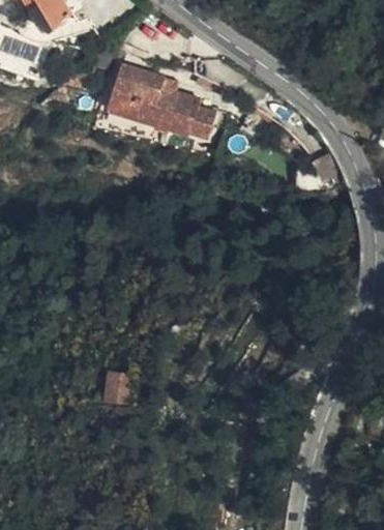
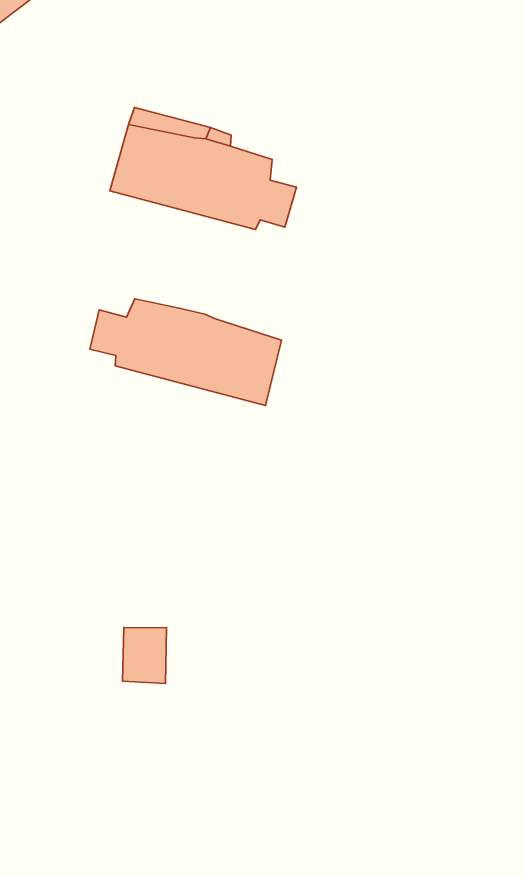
building: none -> [90,299,282,406]

